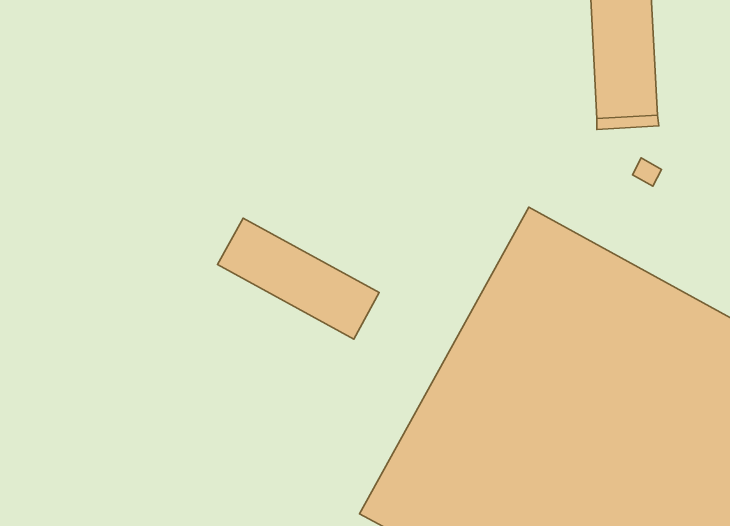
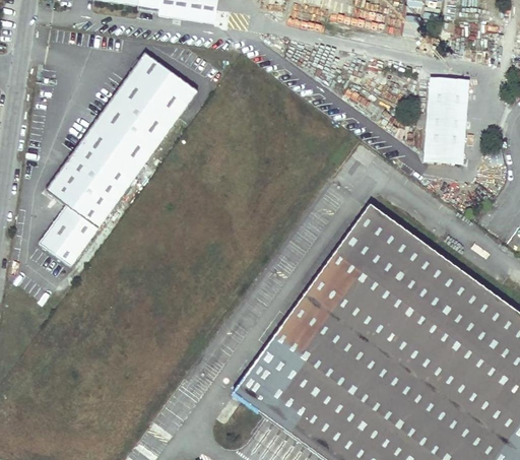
building: none -> [39,51,198,264]
building: [218,218,379,339] -> none

